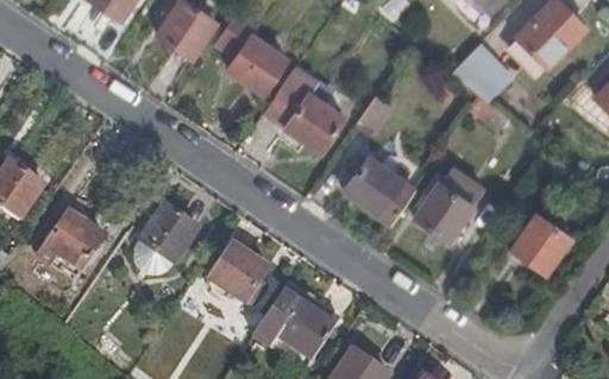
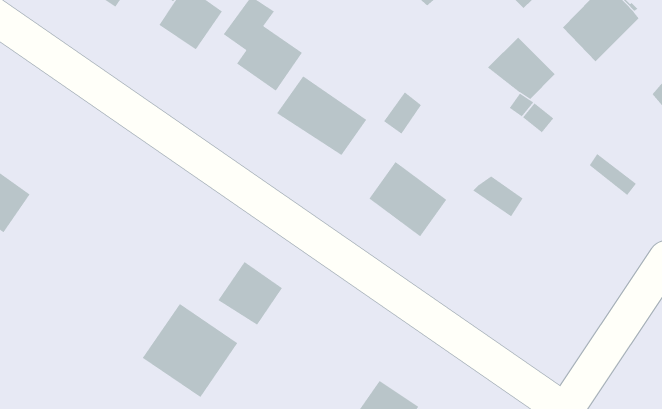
building: [413,181,471,239] -> none
building: [139,204,197,263] -> none
building: [38,211,103,278] -> none
building: [511,213,570,271] -> none
building: [253,283,339,367] -> [142,303,238,398]

